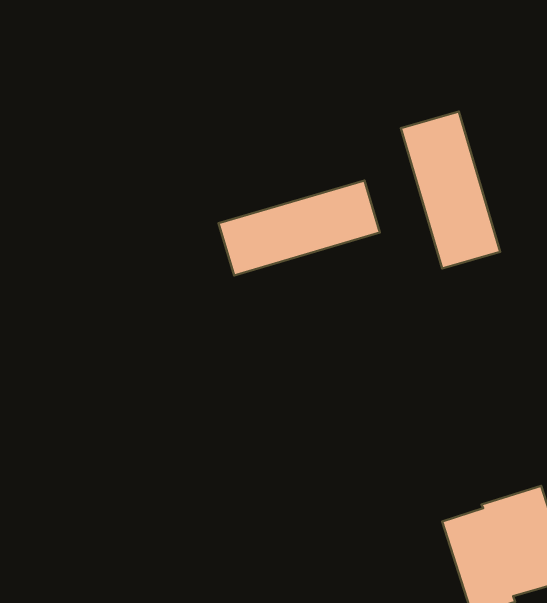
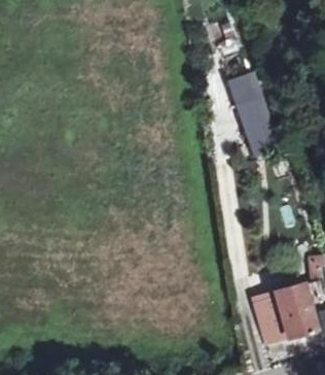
building: [219,180,380,275] -> none

